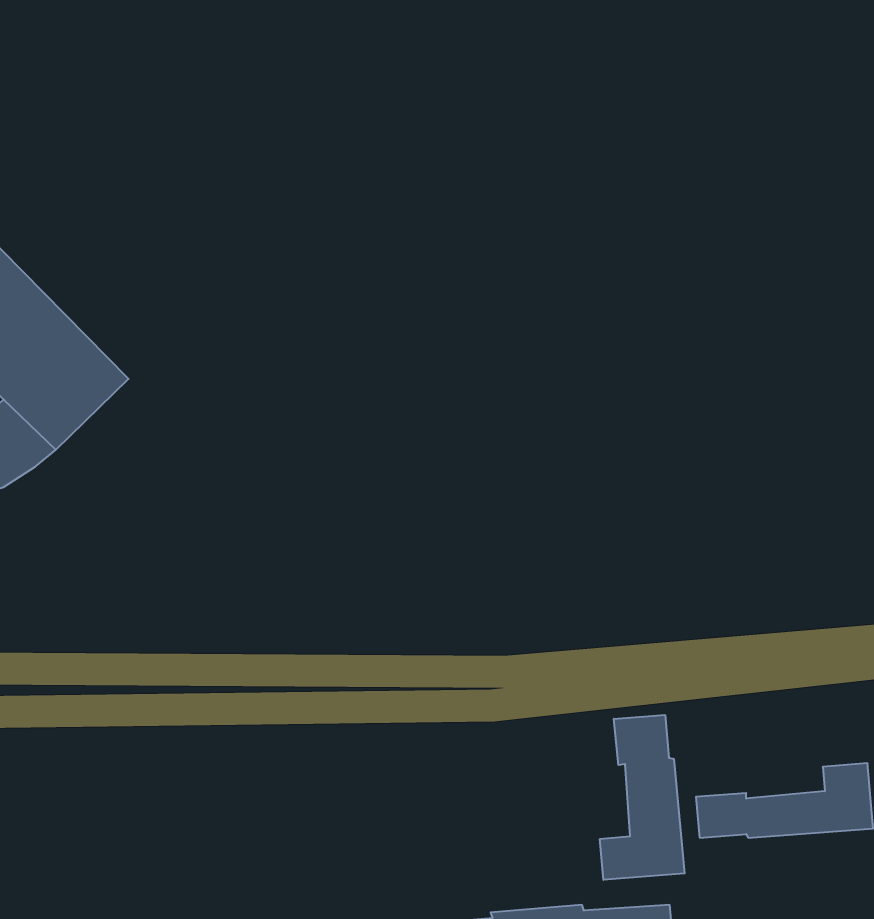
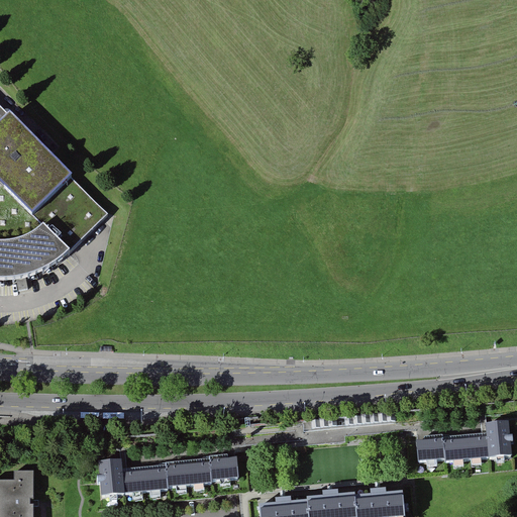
building: [600,715,685,880] -> none
building: none -> [96,455,236,495]

